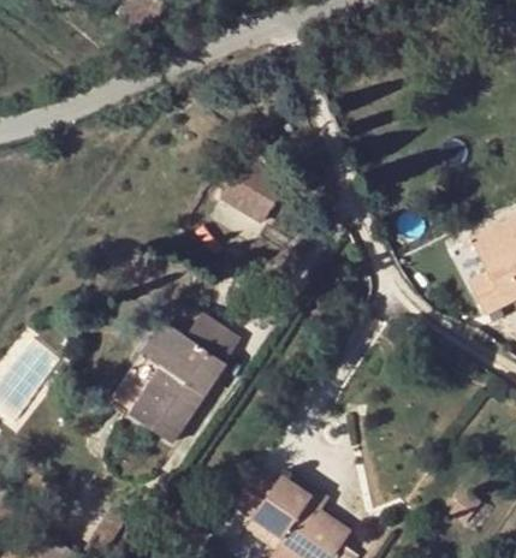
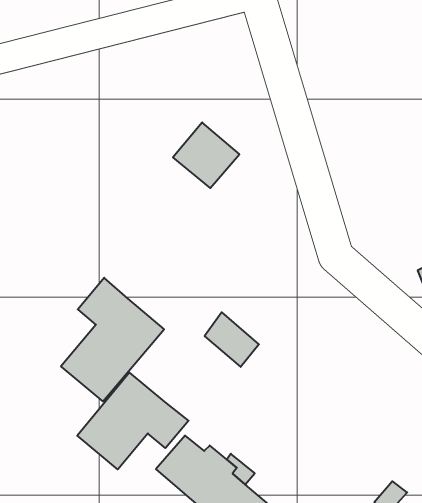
building: [186,313,241,364] -> [205,312,259,367]
building: none -> [77,372,189,469]

